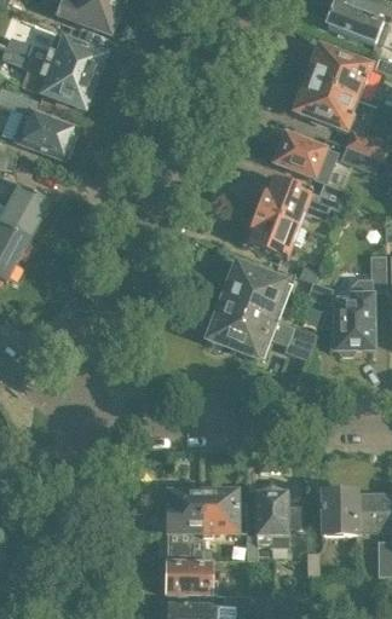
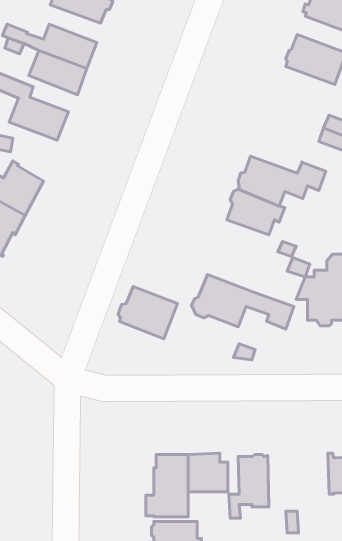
building: [293,79,357,129] -> none
building: [272,132,336,181] -> none
building: [220,262,283,318] -> [118,286,177,339]
building: [321,490,351,533] -> none

